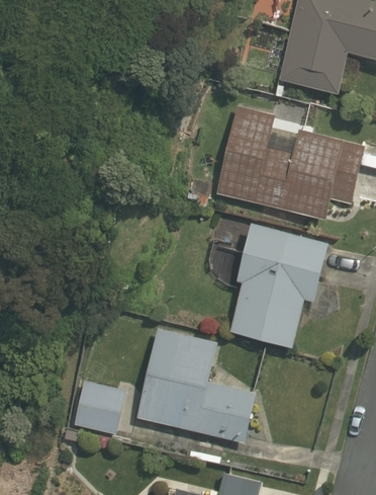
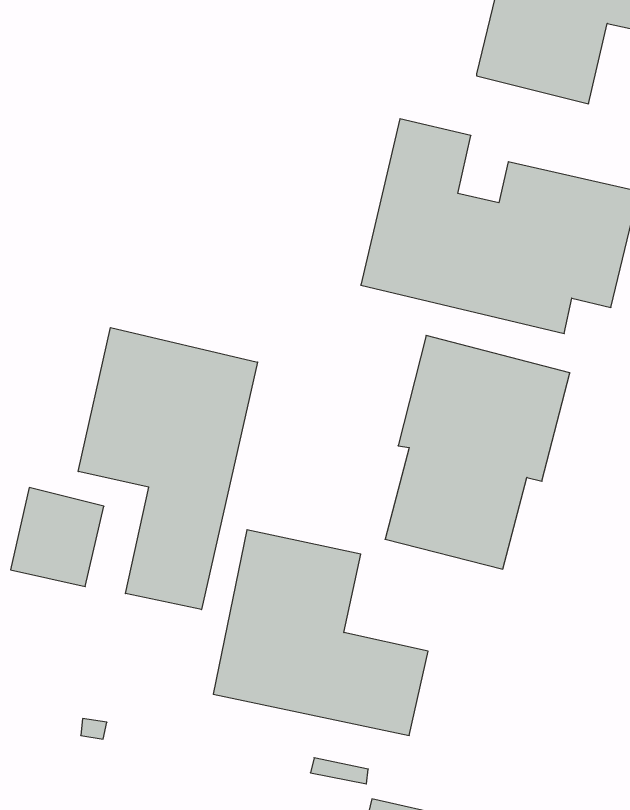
building: none -> [78,328,258,610]
building: [76,380,126,433] -> [11,488,104,587]

